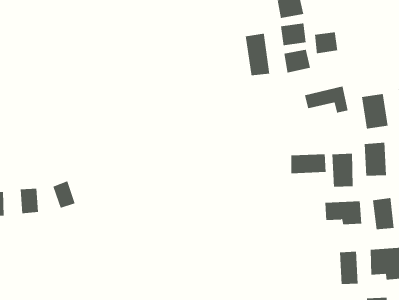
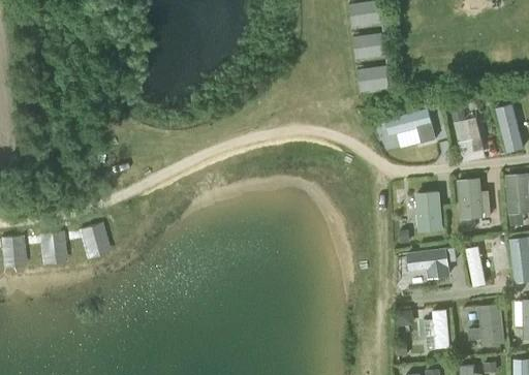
building: [314,32,338,54] -> none
building: [245,33,270,76] -> none
building: [291,154,326,174] -> none

